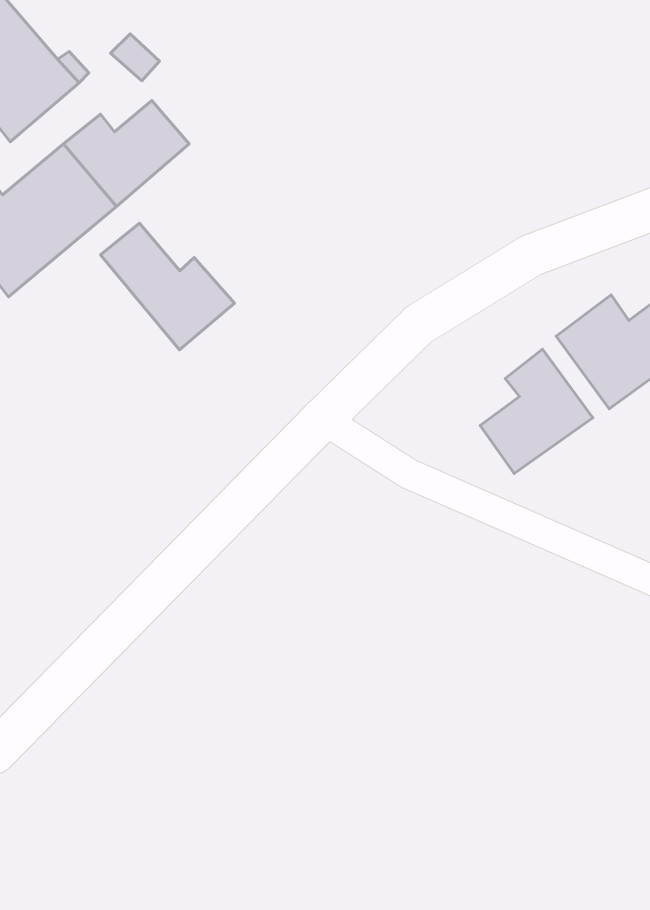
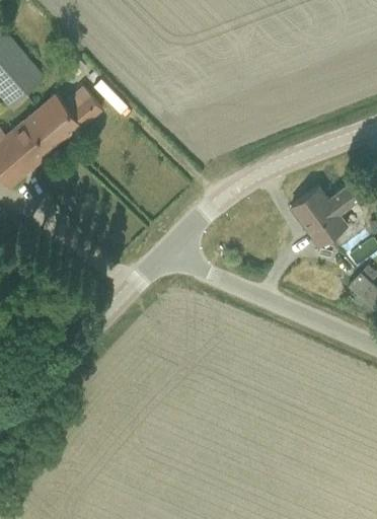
building: [101,223,235,350] -> none
building: [480,349,593,473] -> none

